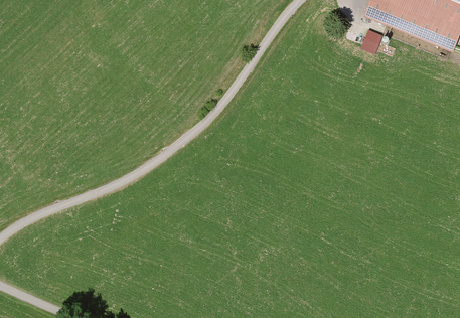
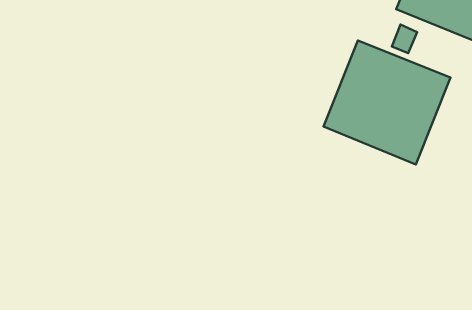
building: none -> [324,40,451,164]

